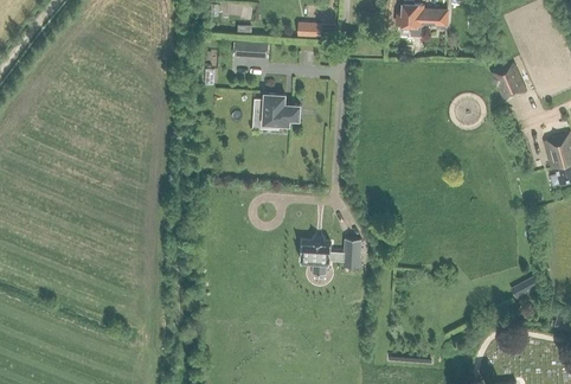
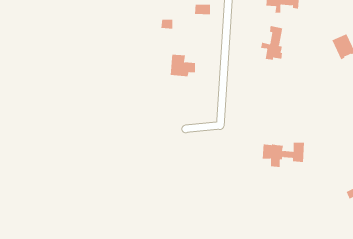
building: none -> [260,25,283,61]
building: [301,239,361,275] -> [262,142,305,167]

